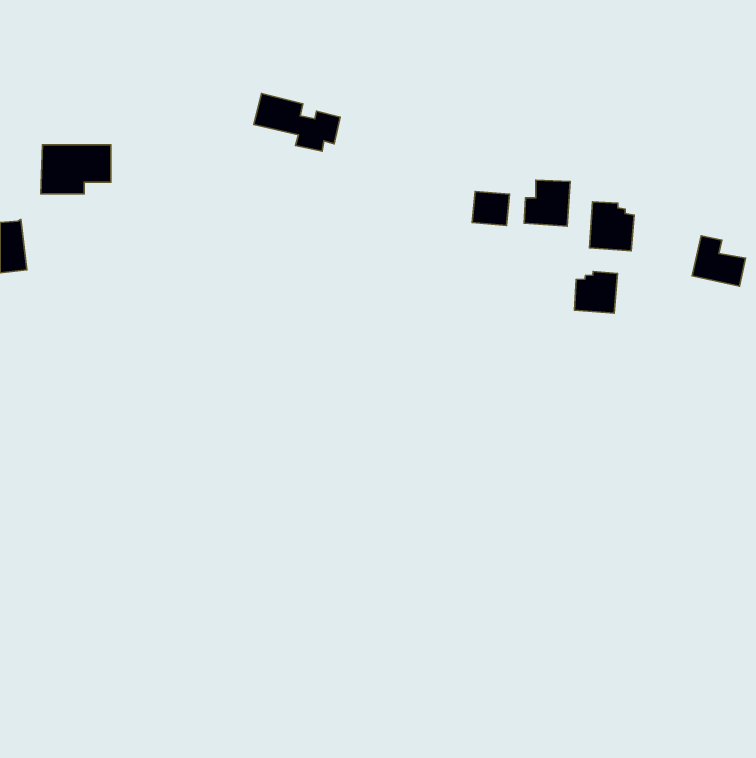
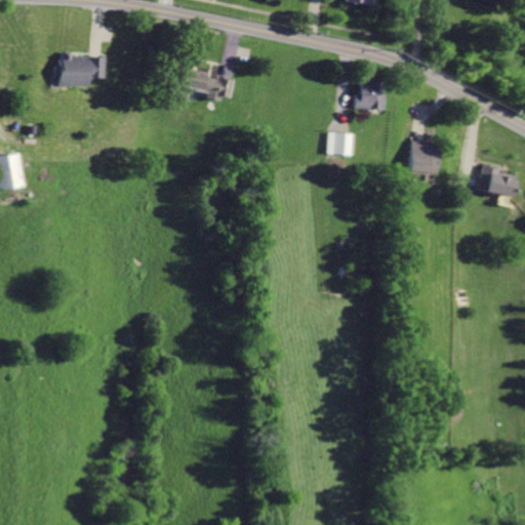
building: [41,145,111,194] -> [59,53,108,87]
building: [524,180,570,226] -> [354,79,386,111]
building: [574,271,617,313] -> none

